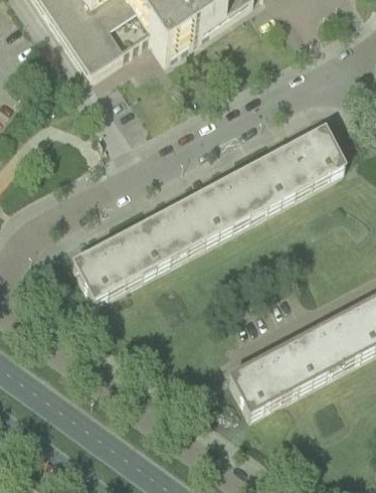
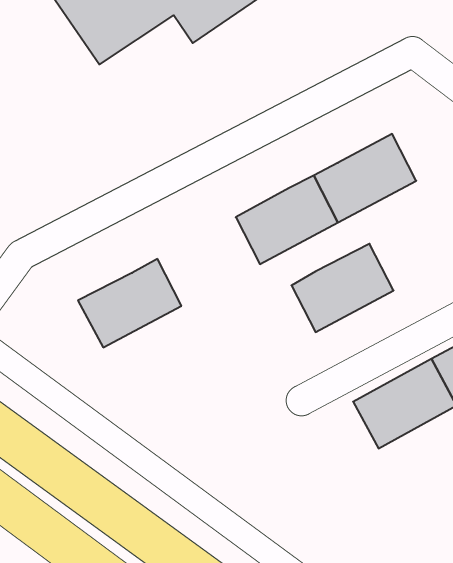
building: [138,195,219,266] -> [291,244,394,332]
building: [231,342,314,413] -> none

